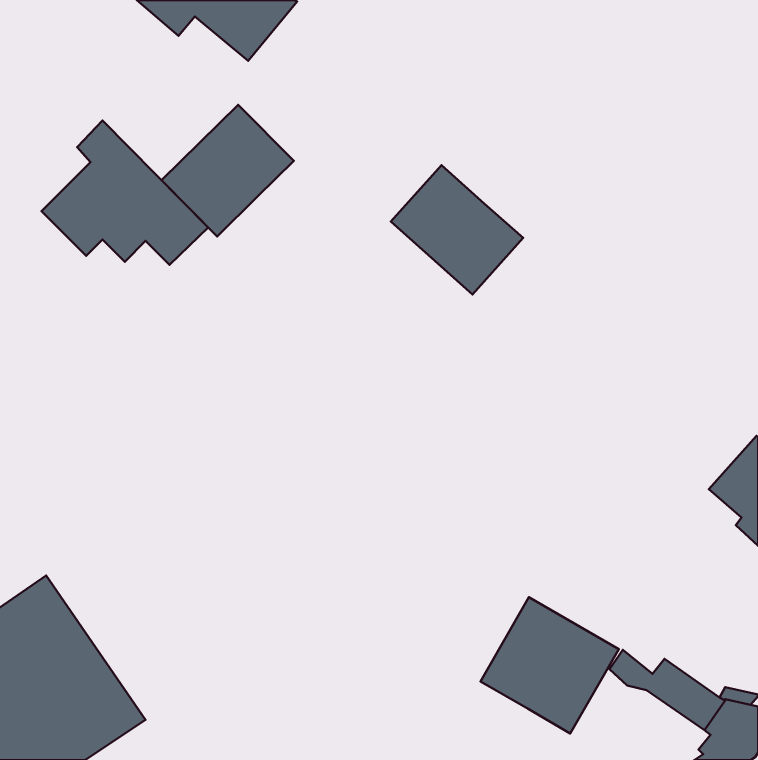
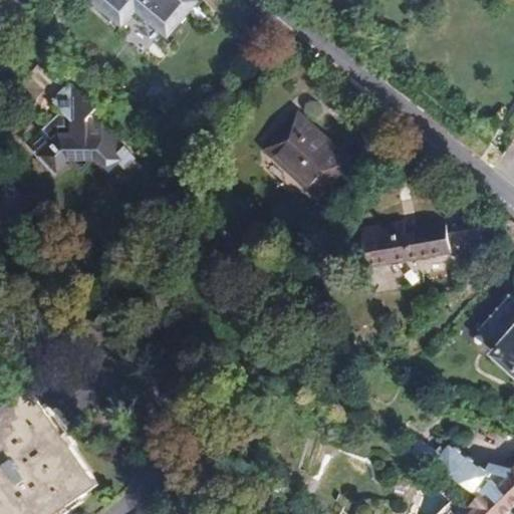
building: [162,105,294,237] -> none
building: none -> [361,223,486,269]
building: [480,597,619,733] -> none

